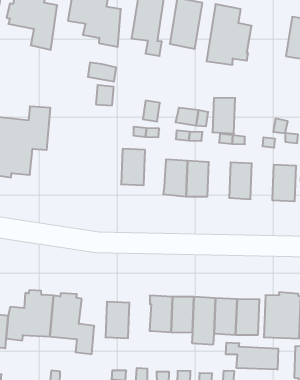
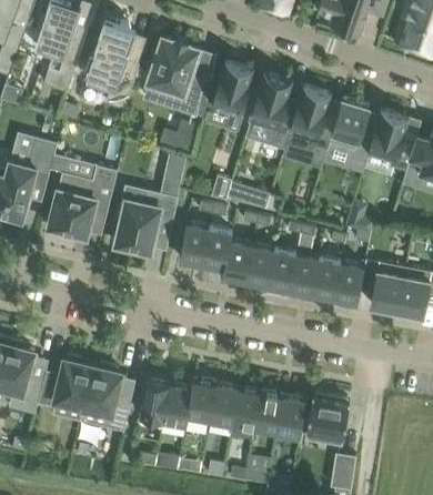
building: none -> [329,99,367,150]
building: [212,98,235,133] -> [266,250,295,290]
building: none -> [115,190,178,253]
building: none -> [202,228,232,269]
building: none -> [311,257,340,299]
building: none -> [163,384,192,425]
building: [226,343,278,370] -> none

